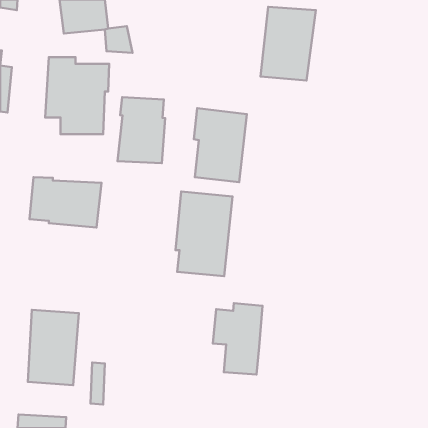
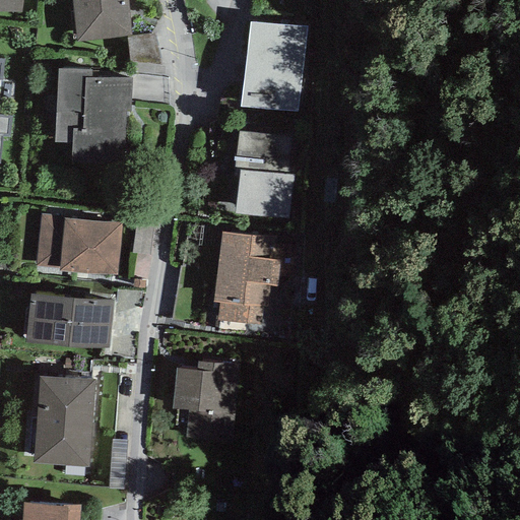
building: [261,7,316,81] -> [241,21,308,111]
building: [118,97,165,163] -> none
building: none -> [27,292,114,348]
building: [213,303,262,375] -> [173,360,233,446]

